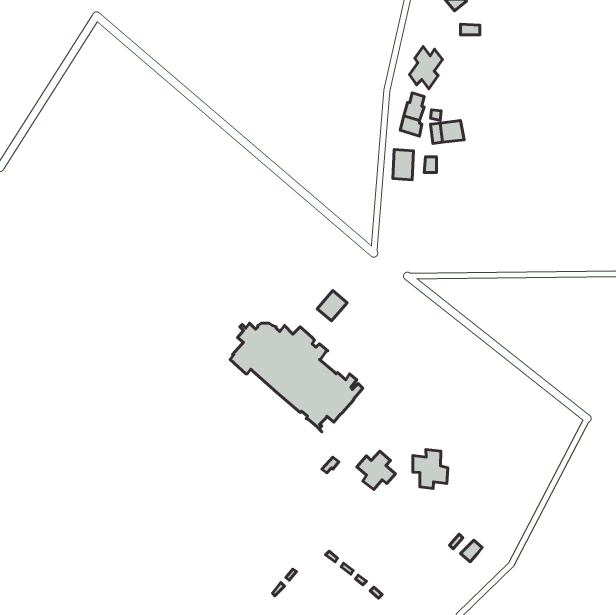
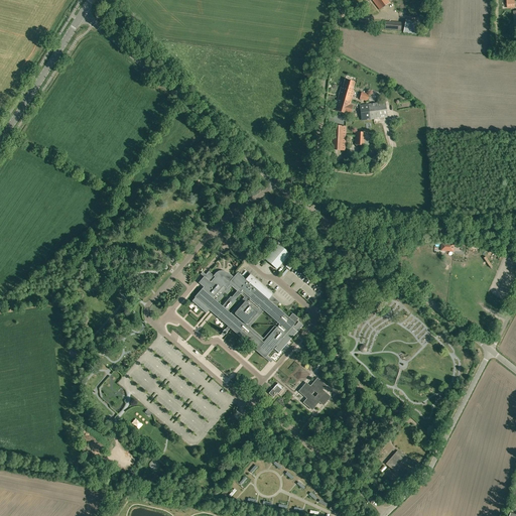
building: [409,47,443,89] -> none
building: [413,449,448,489] -> none

